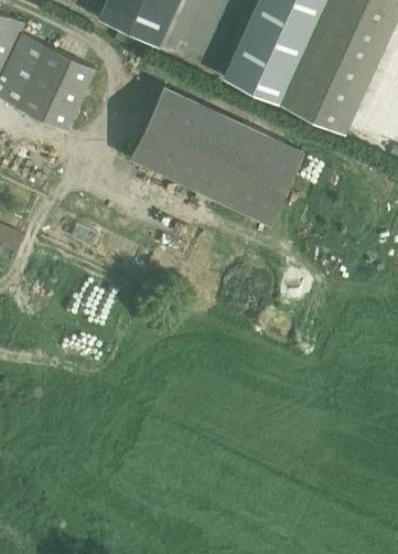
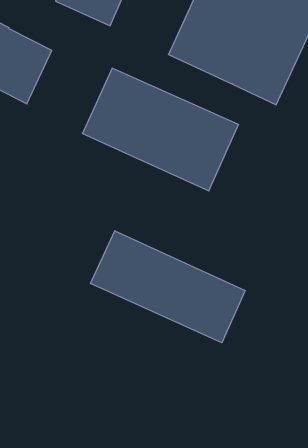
building: none -> [91,231,245,343]

